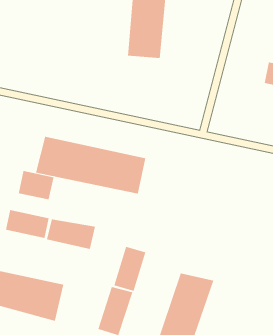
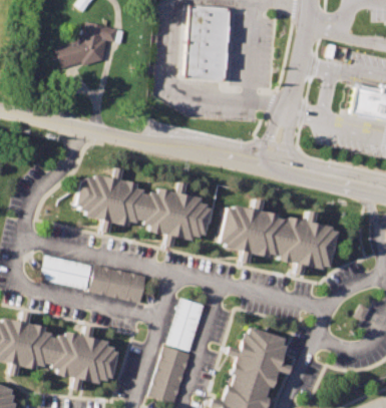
building: none -> [58,25,123,74]
building: none -> [221,203,337,269]
building: [18,170,54,200] -> none

